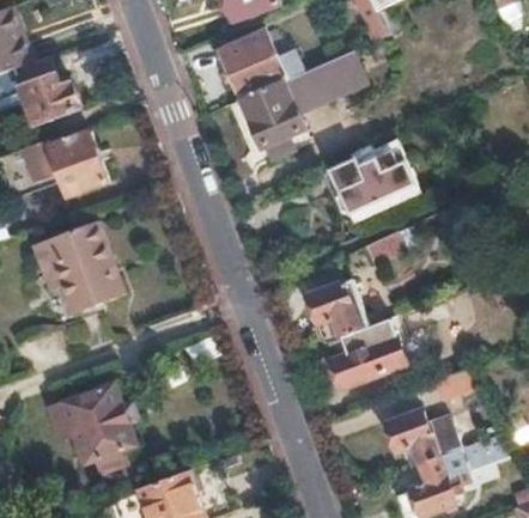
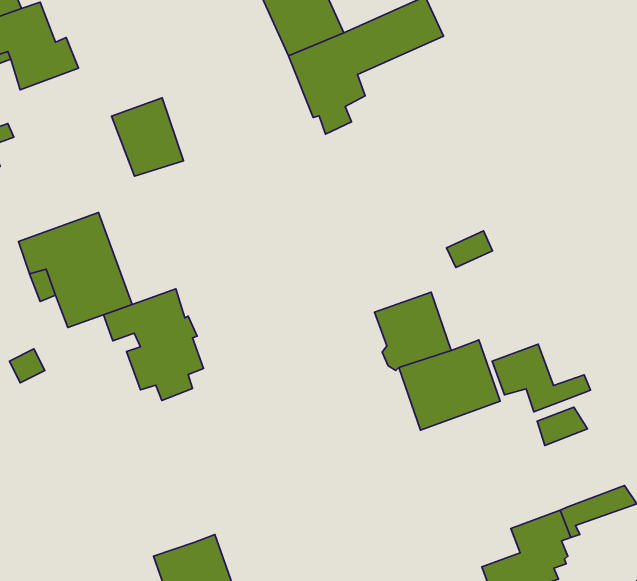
building: [49,132,105,193] -> [112,98,184,176]
building: [334,142,419,218] -> none
building: [56,383,134,470] -> [104,289,203,401]
building: [384,414,461,467] -> [492,344,590,412]

